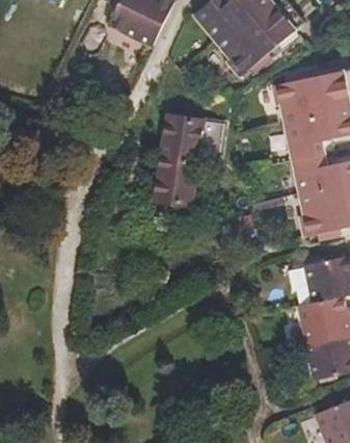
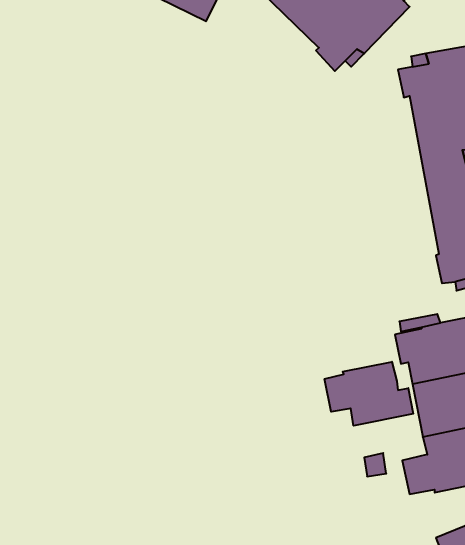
building: [151,119,221,210] -> none
building: none -> [325,362,413,426]

